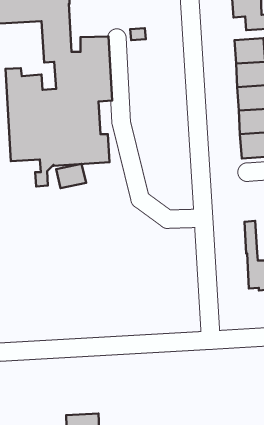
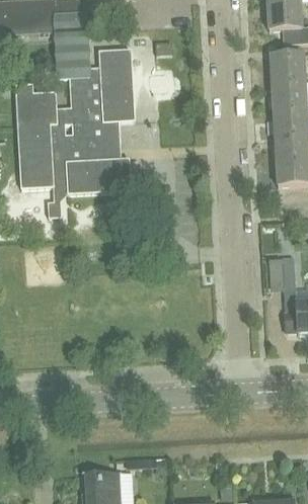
building: [56,164,86,188] -> none

